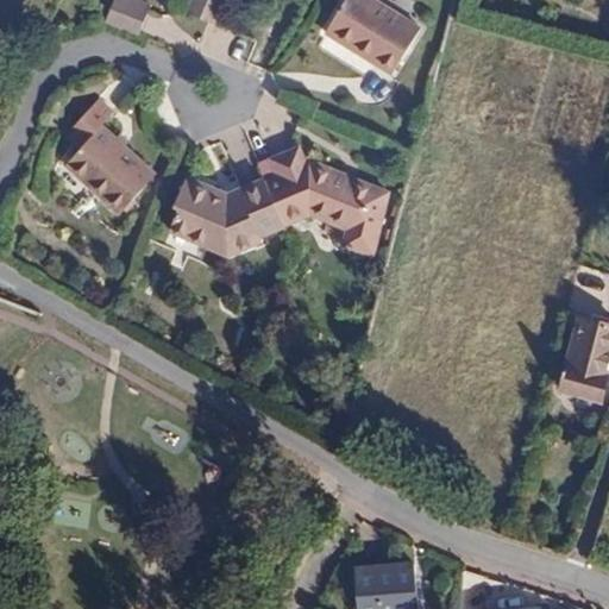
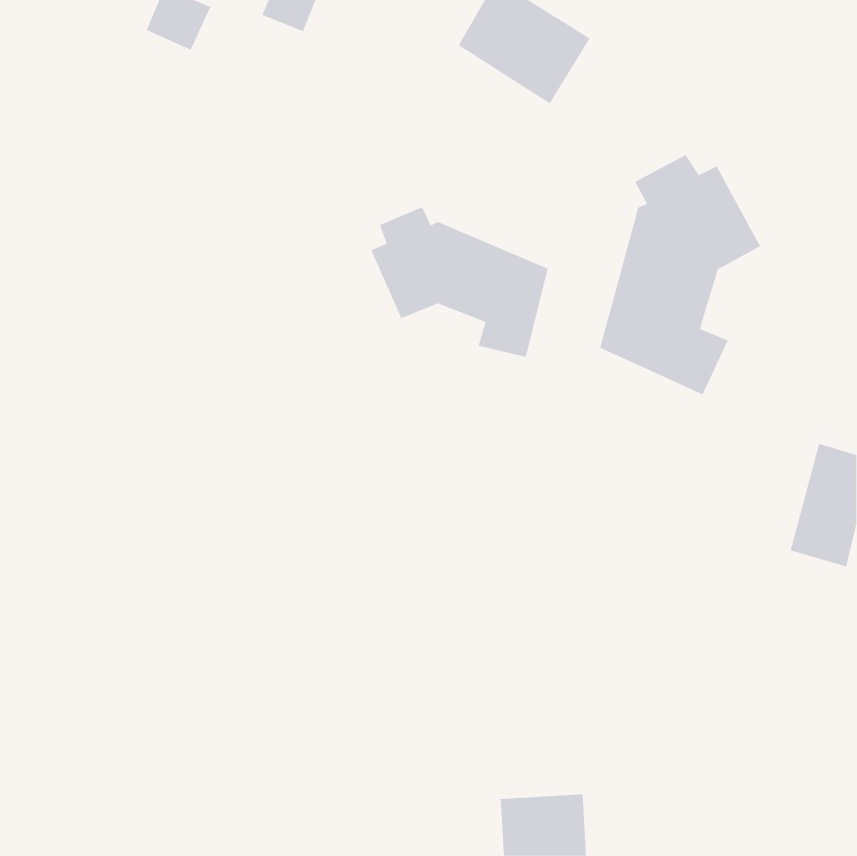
building: [63,99,155,215] -> none
building: none -> [599,154,761,395]
building: [168,175,284,256] -> none

